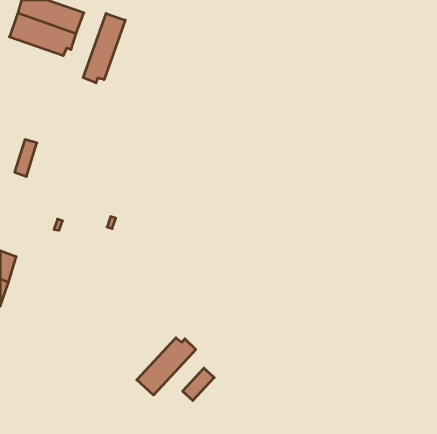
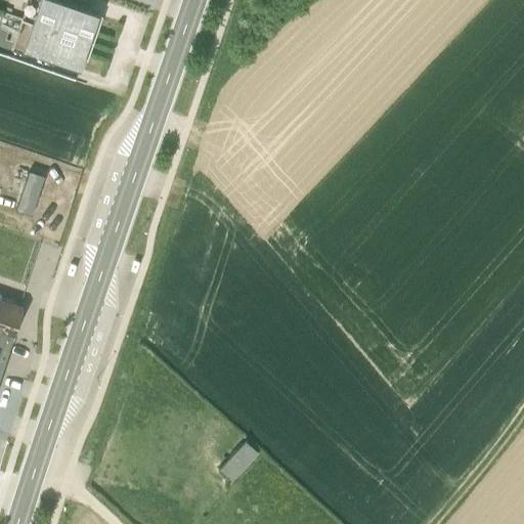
building: [83,13,125,83] -> none
building: [137,338,196,395] -> none

